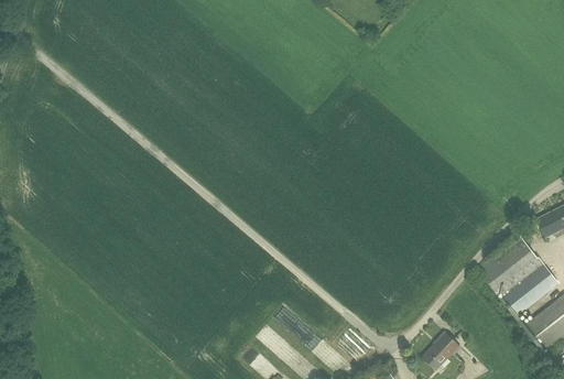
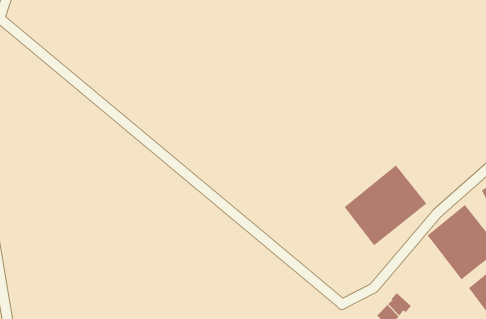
building: none -> [344,164,427,246]

